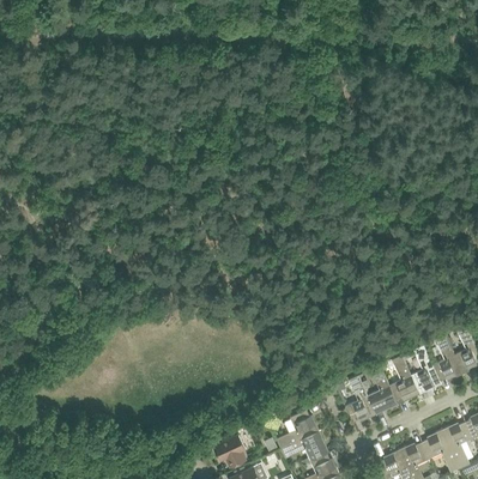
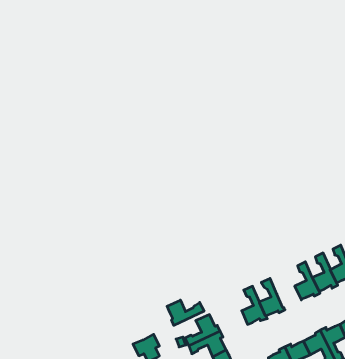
building: [389,356,420,402] -> none
building: none -> [167,300,204,325]

